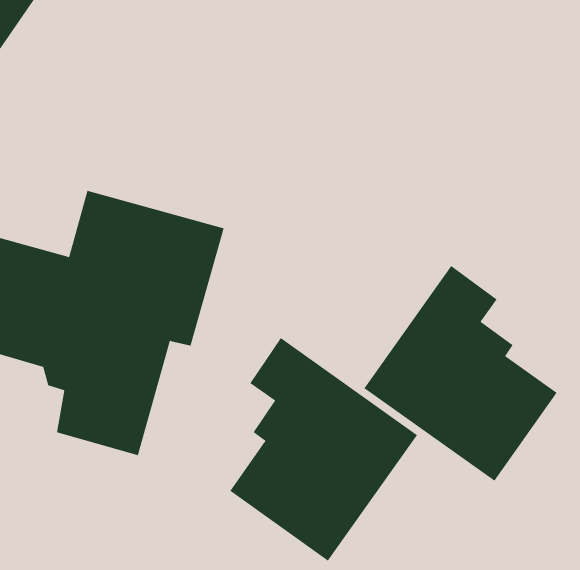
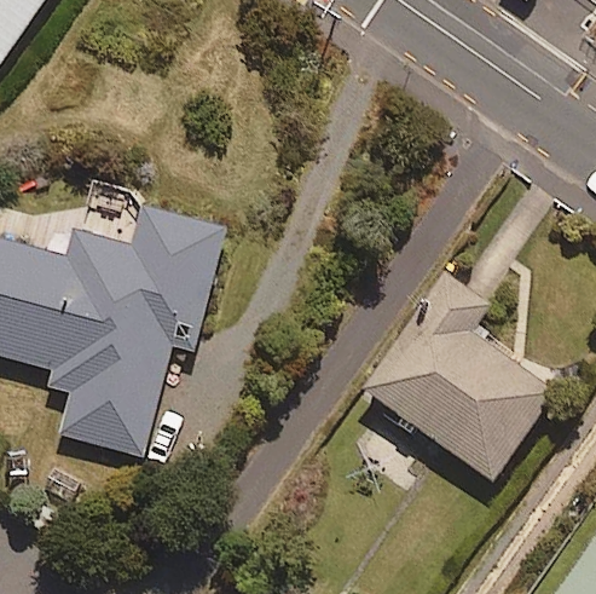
building: [229,337,418,561] -> none

